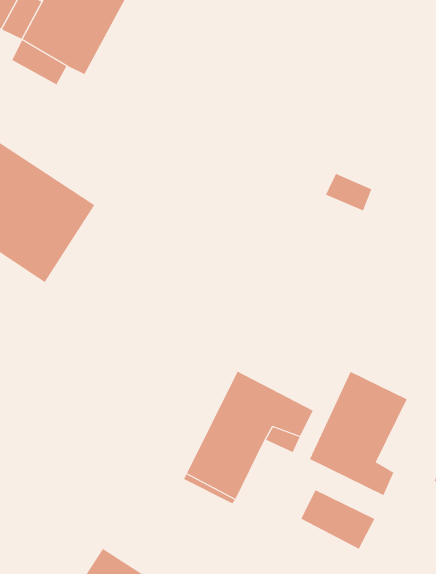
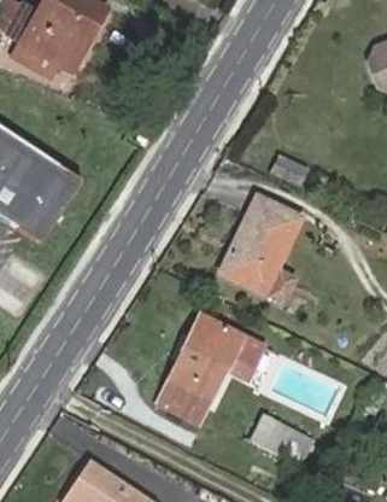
building: [309,371,407,496] -> [219,195,300,298]

